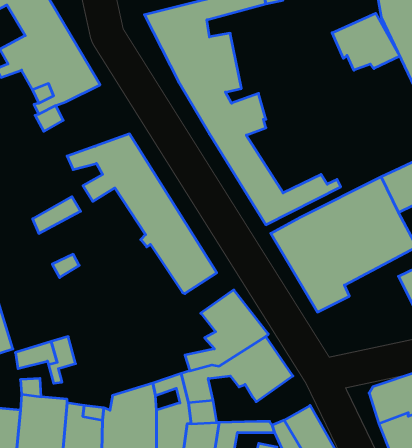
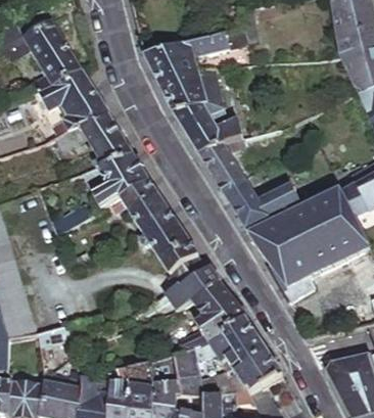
building: [332,13,400,70] -> none
building: none -> [79,111,132,162]
building: none -> [163,265,221,311]
building: none -> [226,354,282,394]

